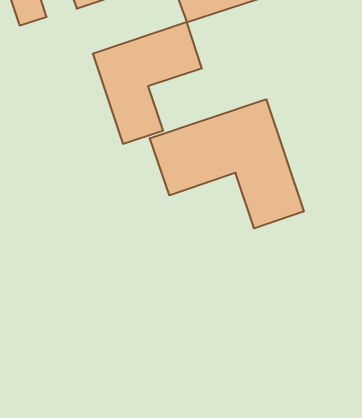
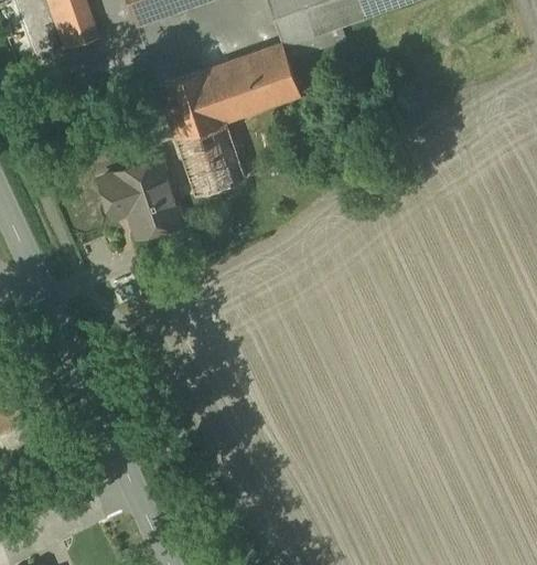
building: [150,99,304,228] -> none
building: none -> [98,156,180,236]

